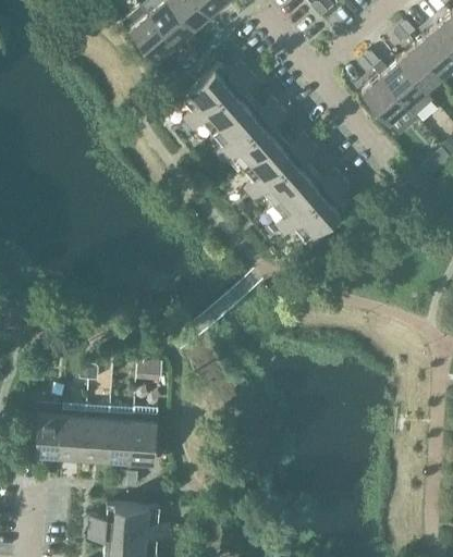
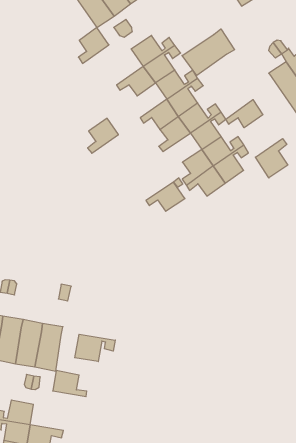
building: none -> [182,29,235,76]
building: [181,84,216,127] -> [78,27,109,63]
building: [212,120,247,162] -> [88,118,118,153]
building: none -> [226,100,263,128]
building: none -> [255,139,288,178]
building: [249,173,294,208] -> [146,182,185,211]
building: none -> [75,334,115,362]
building: [132,507,171,533] -> [53,371,87,397]

